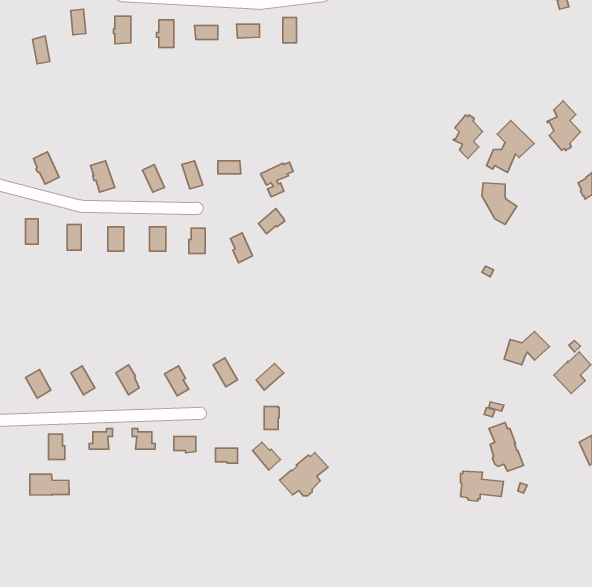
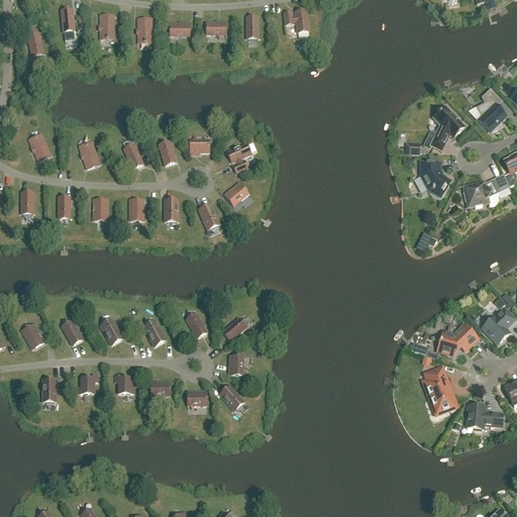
building: none -> [284,9,309,31]
building: [453,115,483,159] -> none
building: none -> [463,174,510,206]
building: [504,331,549,365] -> [438,324,478,353]
building: [279,453,328,496] -> none
building: [461,471,503,501] -> [467,404,504,430]
building: [30,474,69,495] -> none

